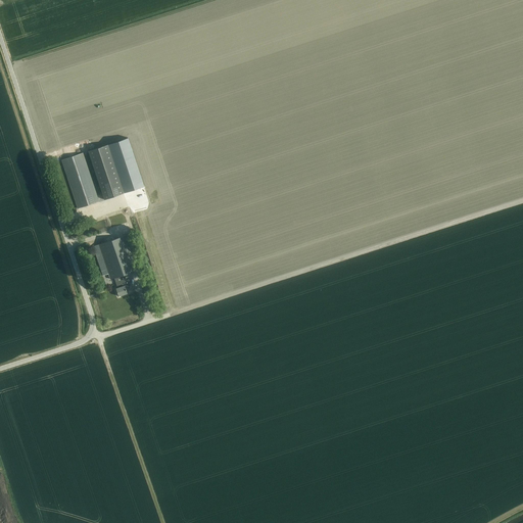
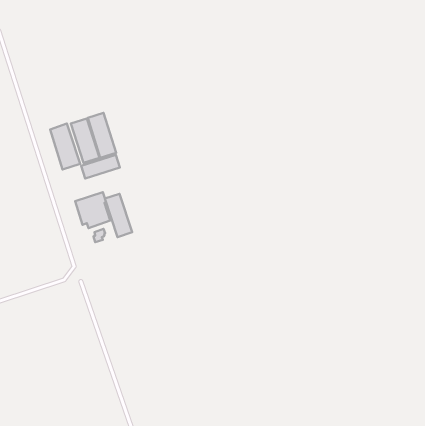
building: none -> [81,155,120,178]
building: none -> [105,194,132,237]

